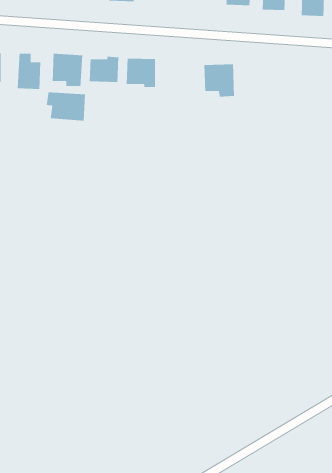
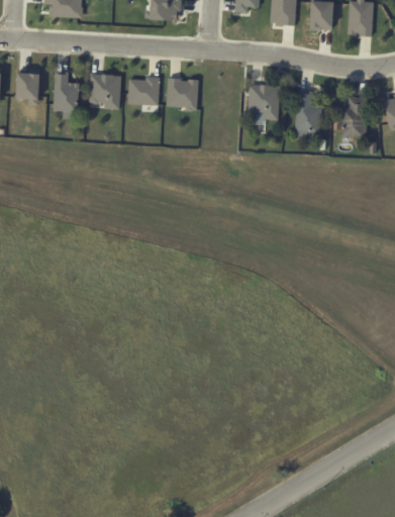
building: none -> [290,89,330,140]
building: none -> [341,96,368,136]
building: [46,91,86,122] -> none

